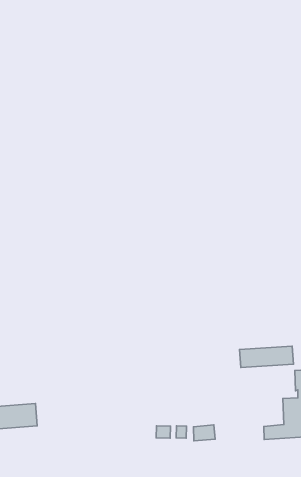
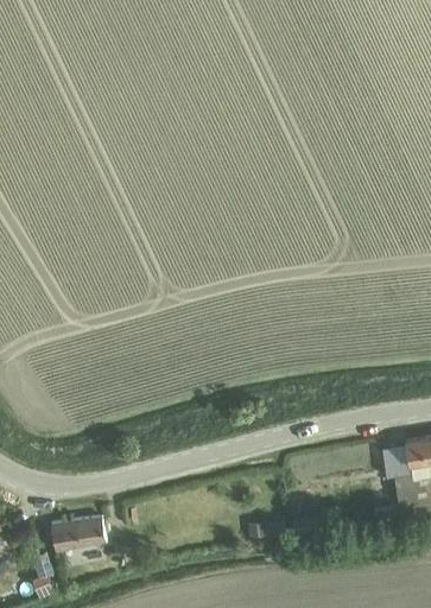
building: [240,346,293,367] -> none

